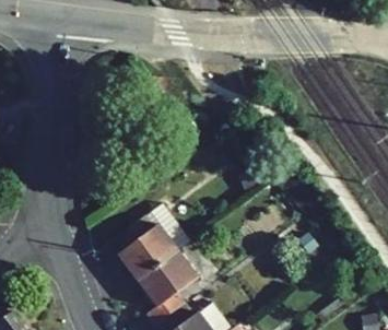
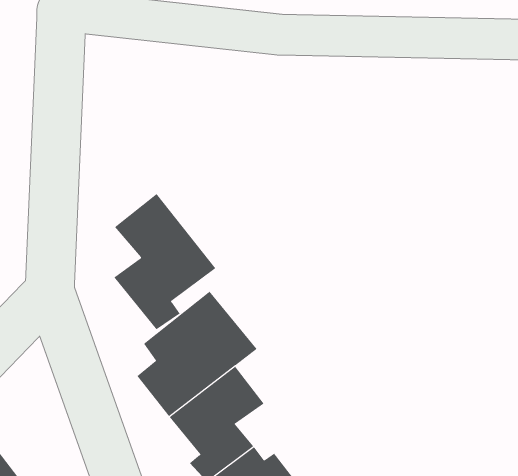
building: none -> [114,193,216,330]

